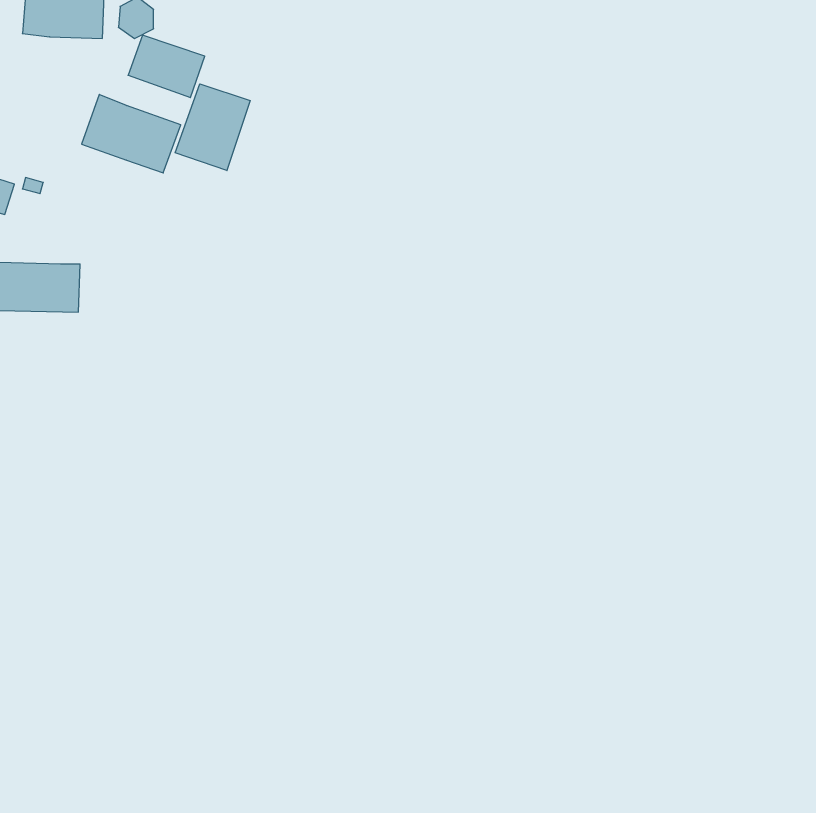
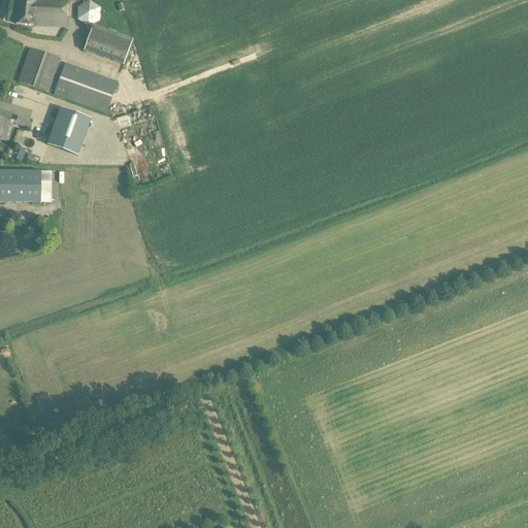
building: none -> [16,46,59,91]
building: [175,84,250,171] -> none
building: none -> [45,107,90,156]

